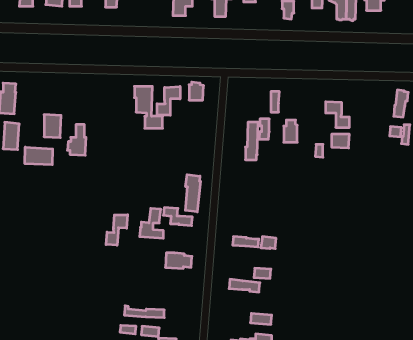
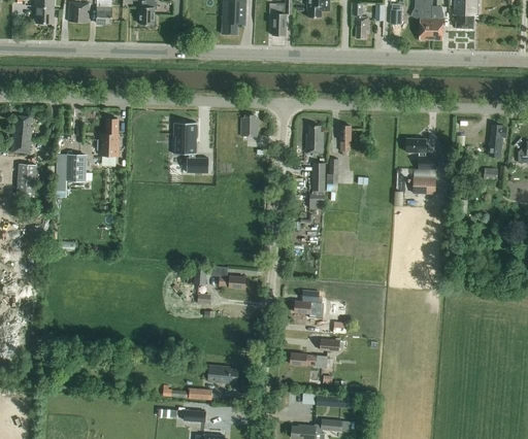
building: [157,86,180,115] -> none
building: [284,120,297,142] -> [306,126,323,153]
building: [67,125,86,155] -> [97,119,120,156]
building: [25,147,53,165] -> none
building: [185,175,200,212] -> none
building: [106,215,128,245] -> none
building: [165,253,192,268] -> [207,365,239,383]

